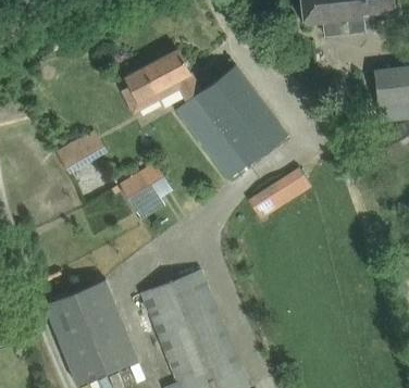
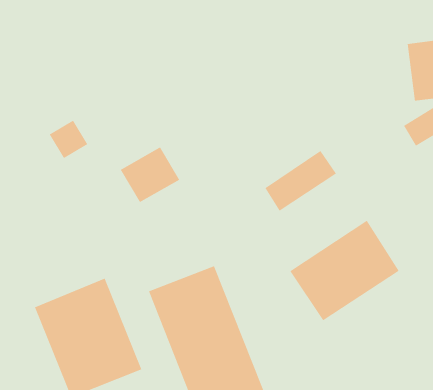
building: [124,51,286,180] -> none
building: none -> [289,220,400,321]

